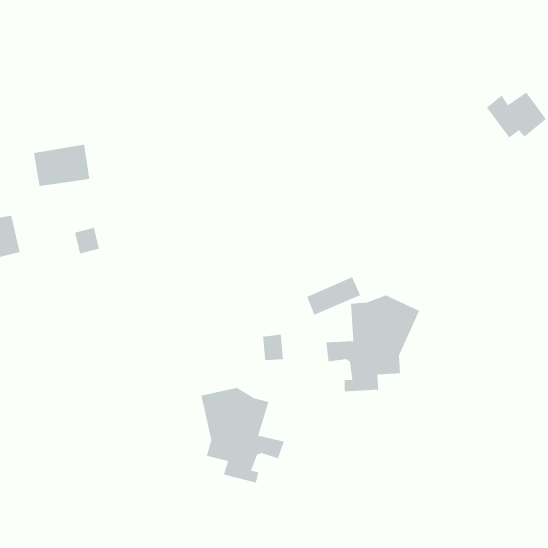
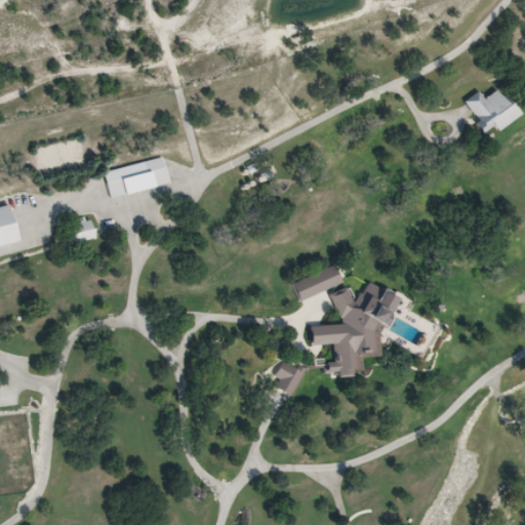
building: none -> [104,159,169,197]
building: [262,334,284,361] -> [278,366,298,392]
building: [201,387,285,483] -> none

